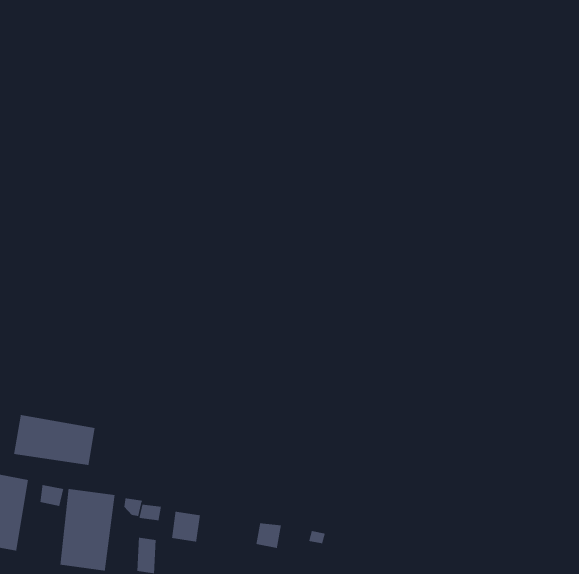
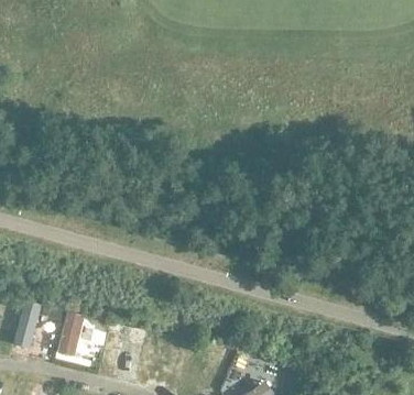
building: [13,414,95,466] -> none

